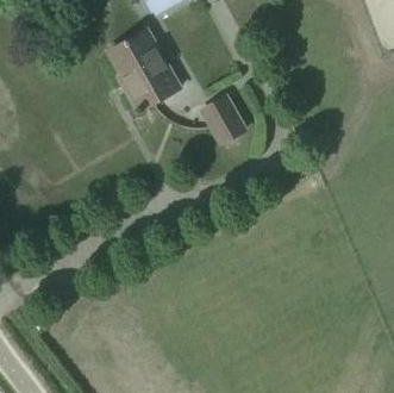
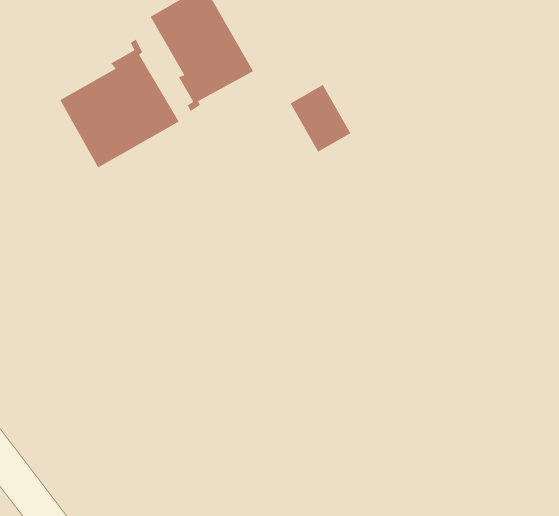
building: none -> [59,38,180,169]

